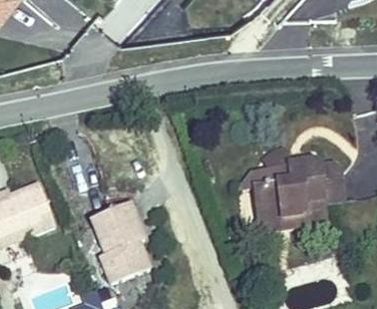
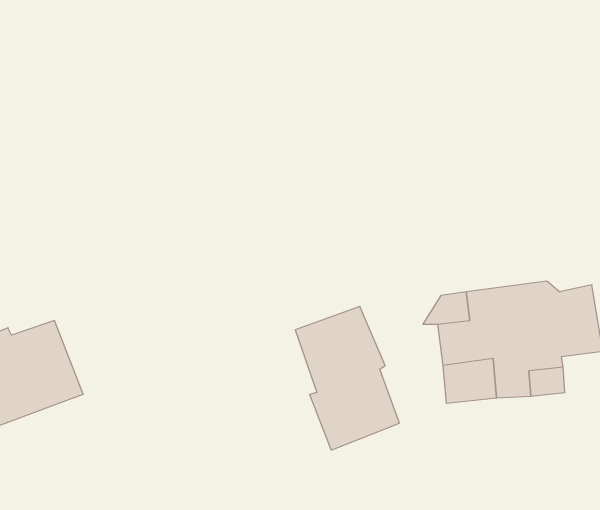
building: [93,203,151,283] -> [295,306,399,450]

